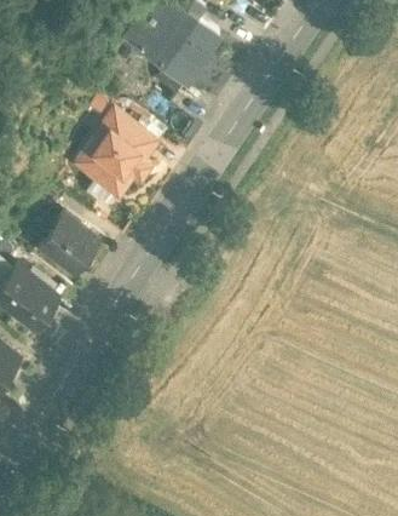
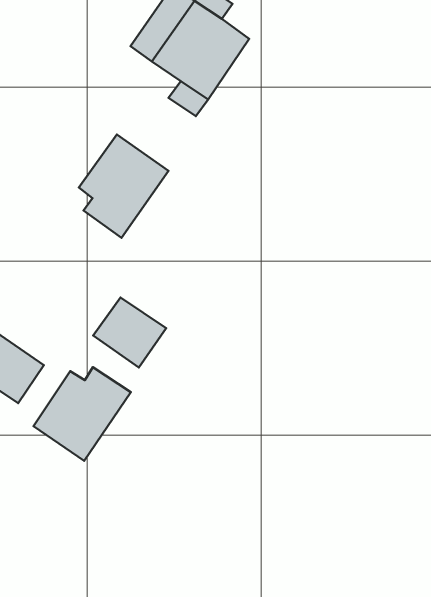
building: [40,213,98,269] -> [93,298,166,368]
building: none -> [33,367,131,461]

